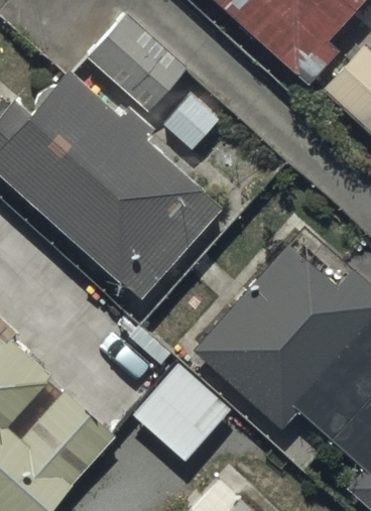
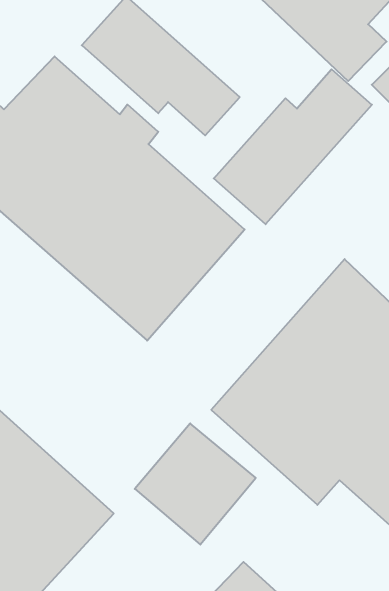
building: none -> [214,69,372,224]

